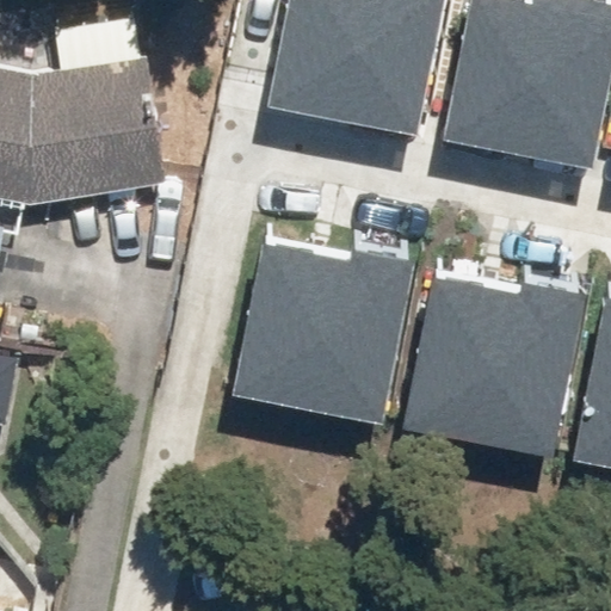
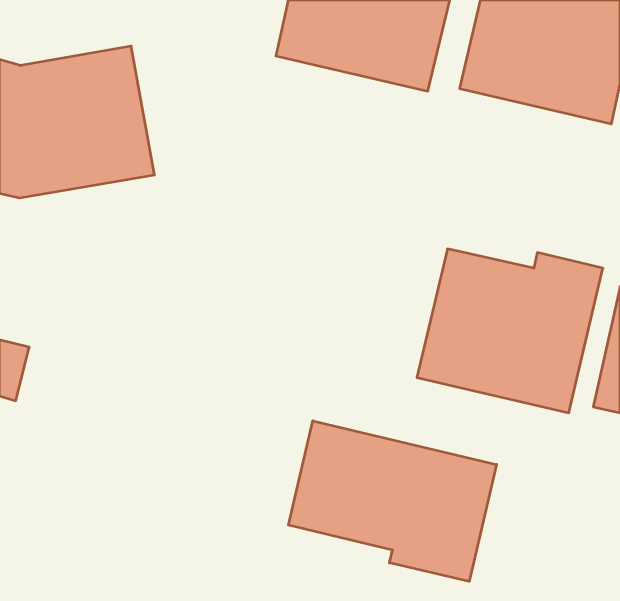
building: [235,230,418,391] -> none
building: none -> [288,421,497,581]

